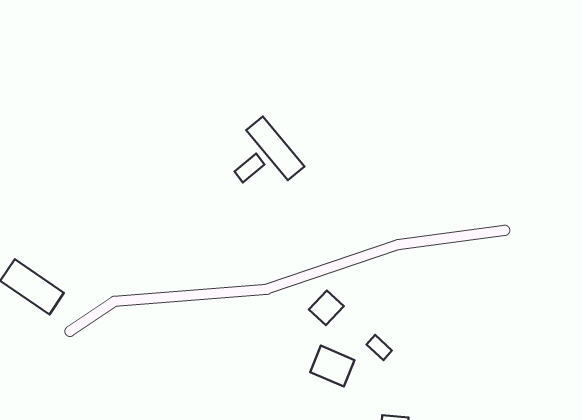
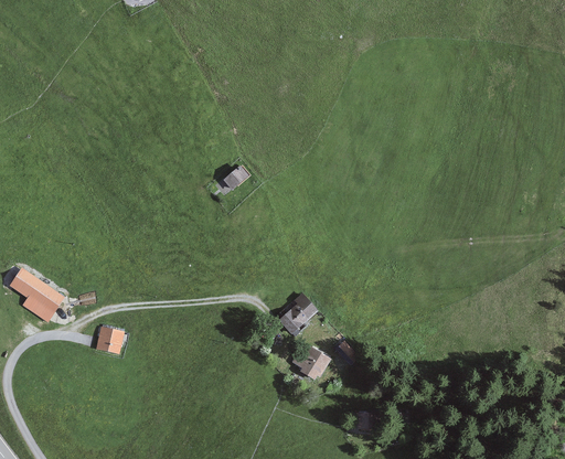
building: [246,117,305,180] -> none
building: none -> [96,325,127,350]

